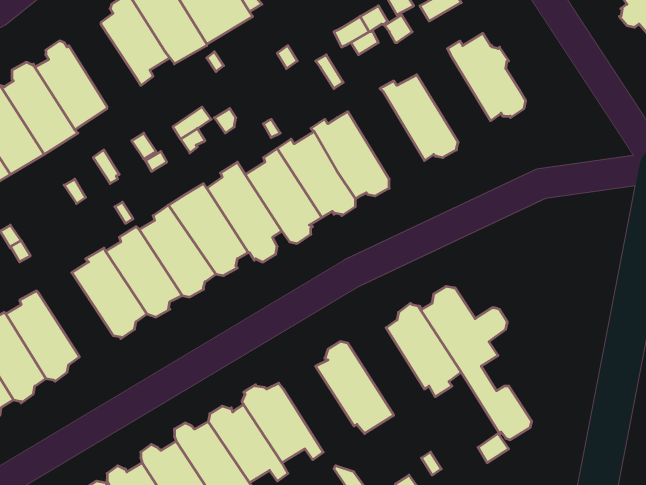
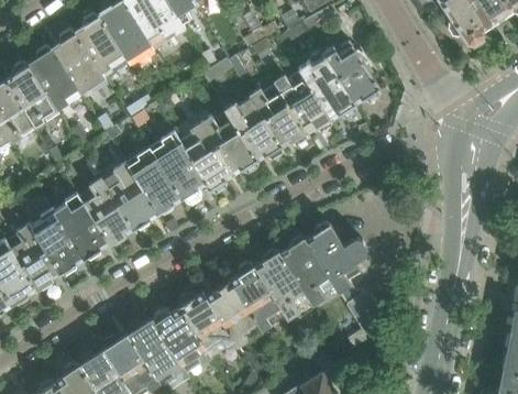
building: none -> [52,30,104,94]
building: none -> [301,56,356,119]
building: none -> [252,83,308,145]
building: none -> [31,210,85,275]
building: none -> [255,249,308,316]
building: none -> [207,277,257,346]

